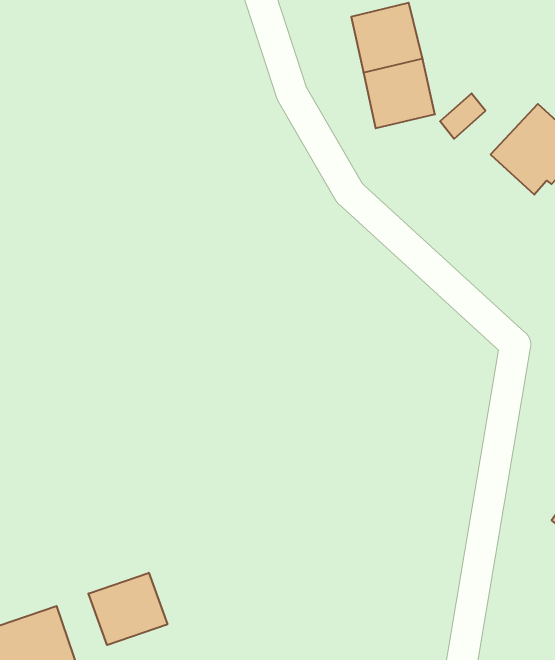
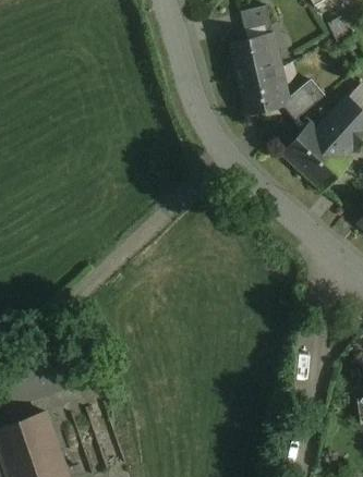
building: none -> [286,122,351,185]
building: [88,573,167,645] -> none

